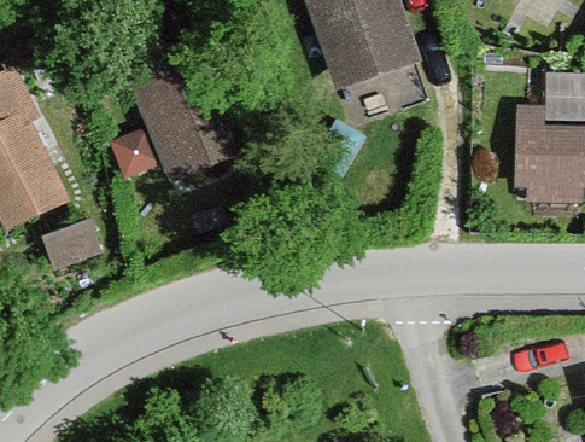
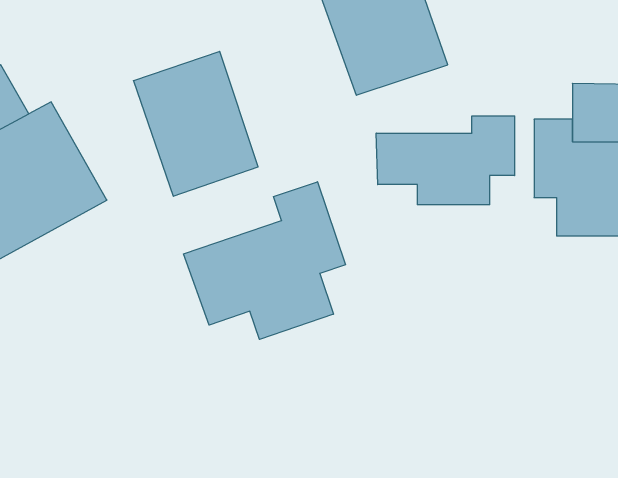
building: none -> [376,116,515,205]
building: none -> [183,182,345,339]

